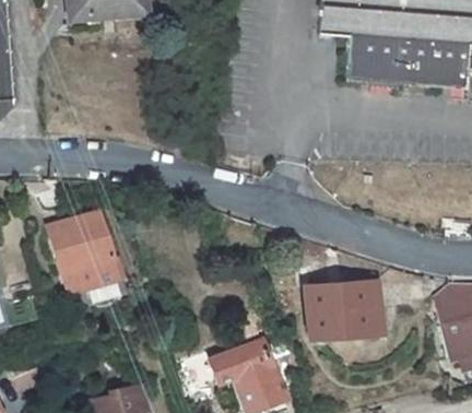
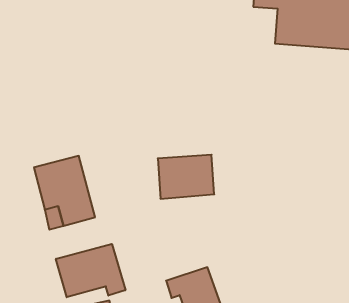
building: [307,278,376,331] -> [158,155,214,199]
building: none -> [56,244,125,297]

